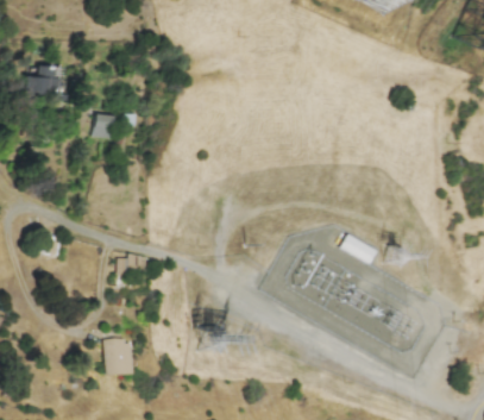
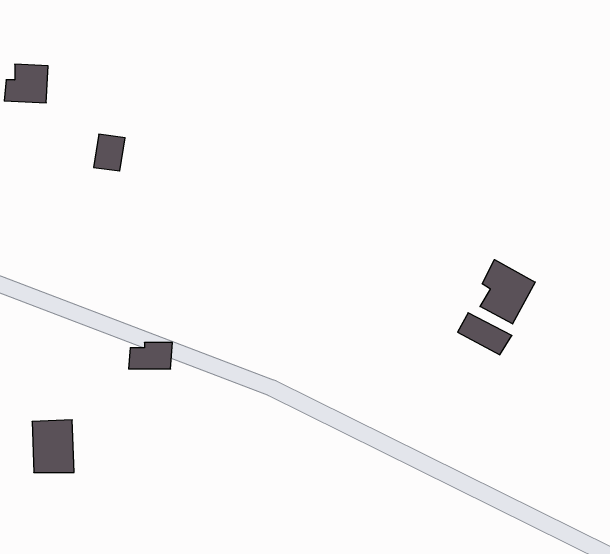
building: none -> [480,260,535,324]
building: [105,339,133,375] -> [32,420,74,472]

